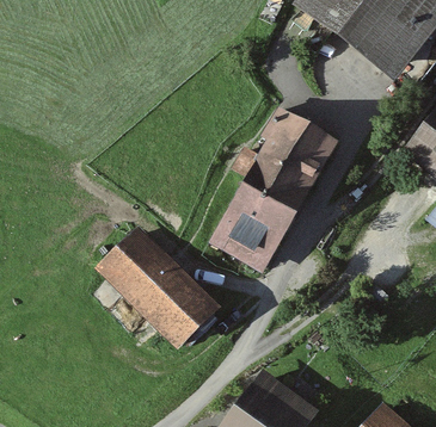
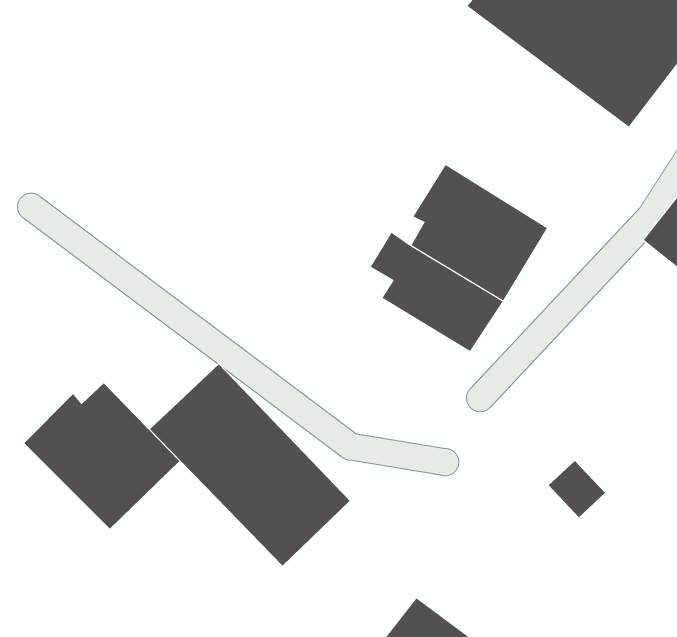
building: [209,186,296,273] -> none
building: none -> [23,382,180,529]

